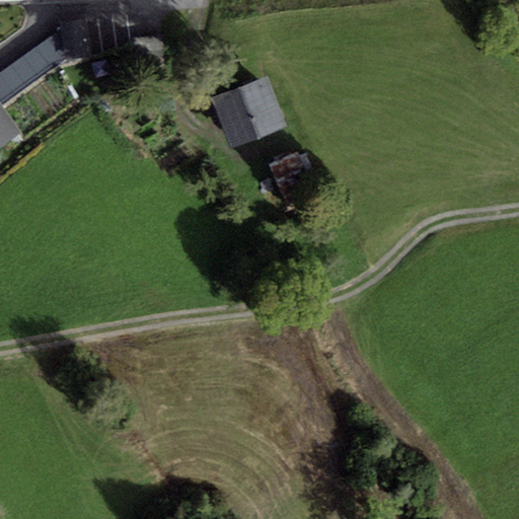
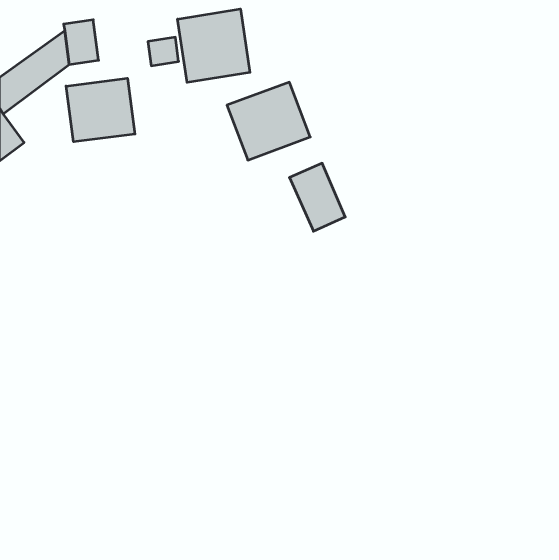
building: none -> [178,9,250,82]
building: none -> [66,78,135,142]

